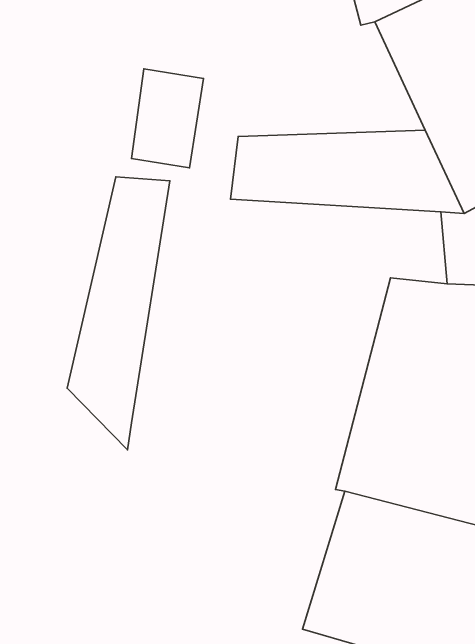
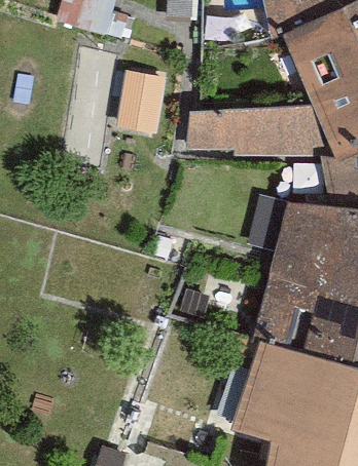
building: [67,177,170,450] -> none

